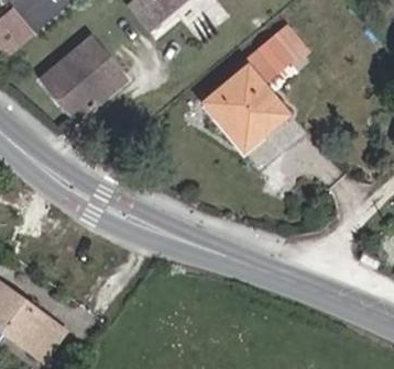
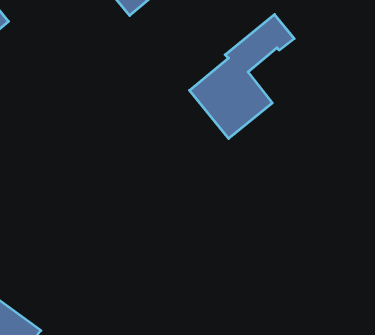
building: [42,36,124,119] -> none

